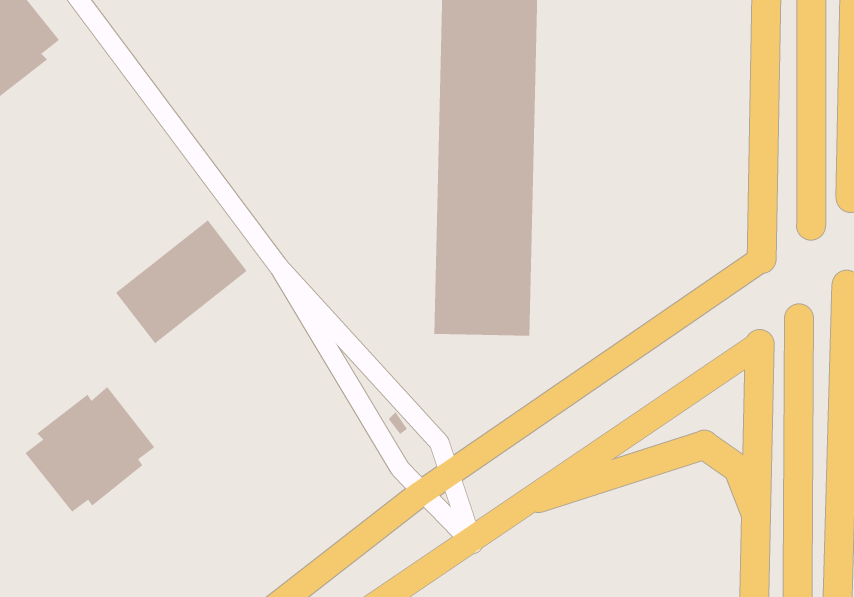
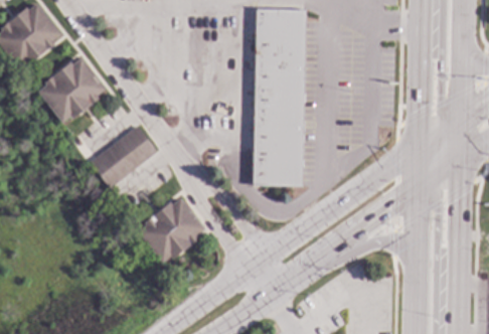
building: none -> [38,57,106,122]
building: [25,386,155,512] -> [138,197,204,262]

